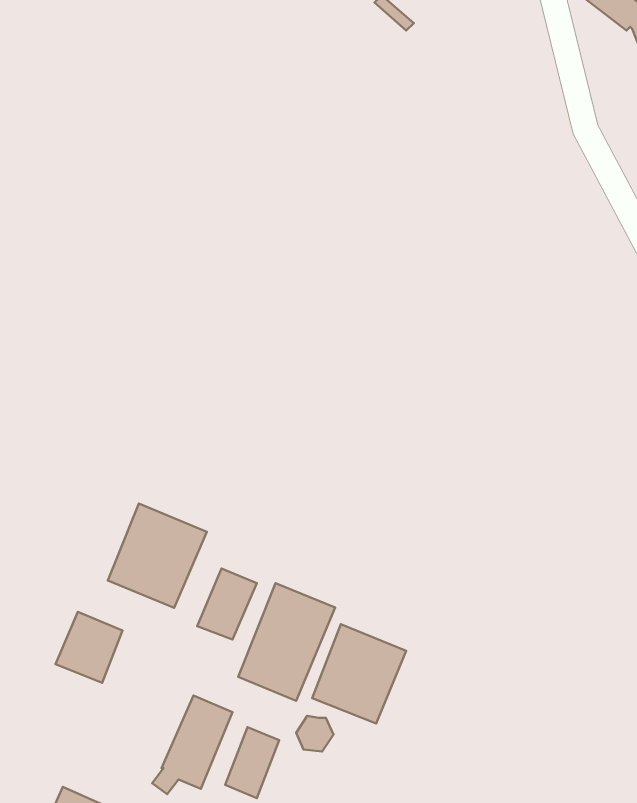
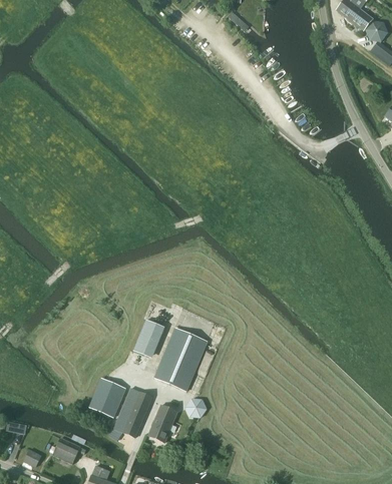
building: [108,503,207,608] -> none
building: [55,612,123,683] -> [89,379,125,417]
building: [312,624,406,723] -> none

